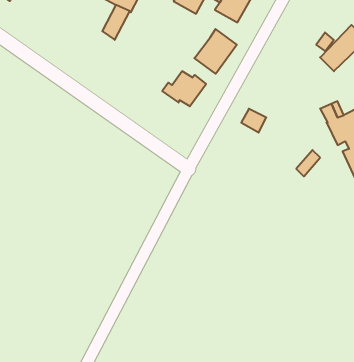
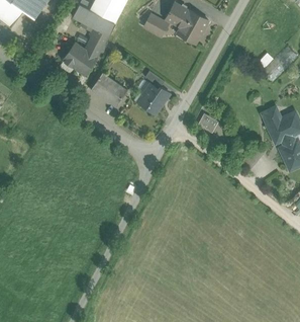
building: none -> [64,43,96,74]
building: [194,29,237,74] -> none
building: none -> [91,72,127,106]

